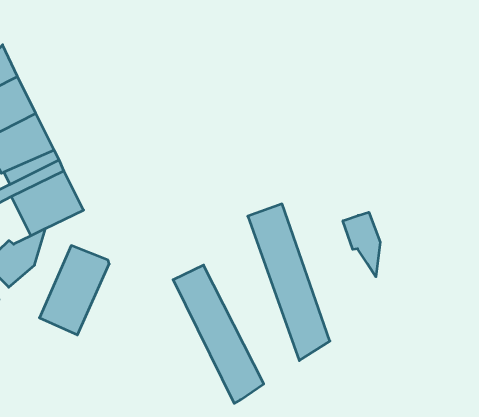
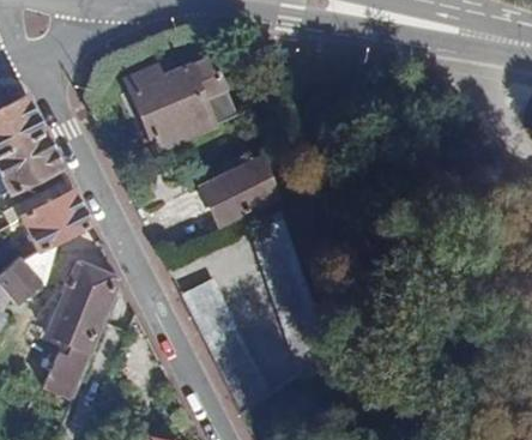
building: none -> [133,56,234,144]
building: none -> [201,155,278,224]
building: [343,212,380,277] -> none
building: none -> [42,345,84,397]

